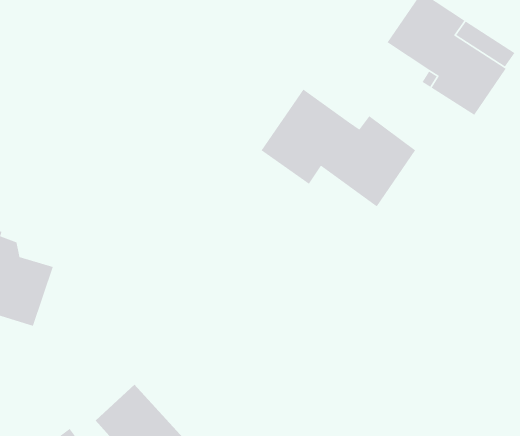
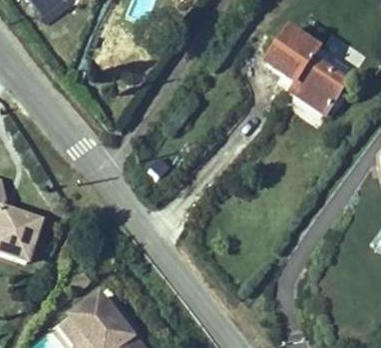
building: [260,88,416,207] -> none

